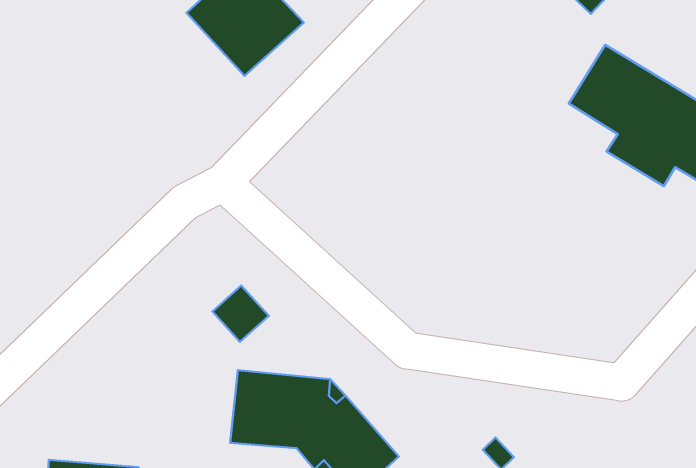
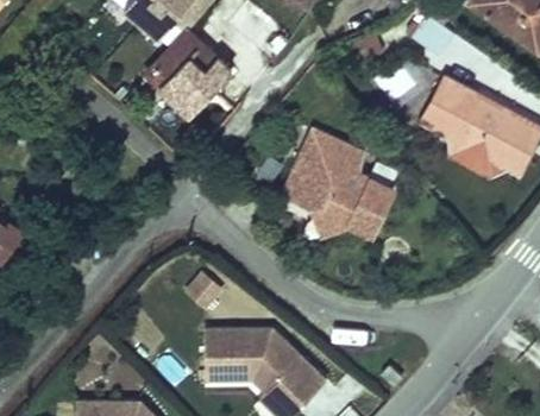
building: none -> [290,127,398,235]

